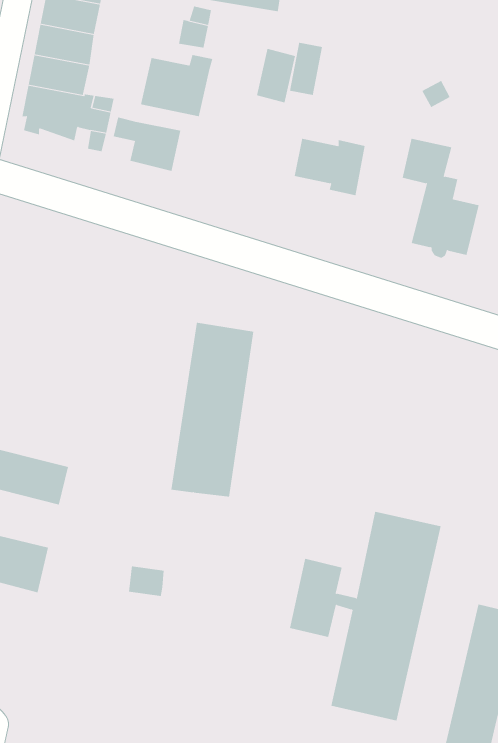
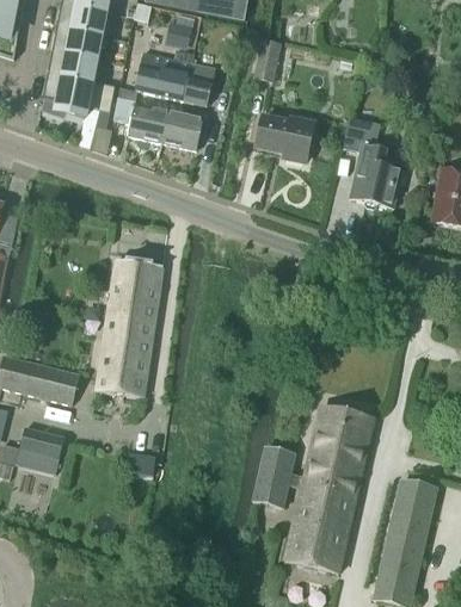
building: [256,48,296,103] -> [183,62,214,105]
building: none -> [161,110,203,149]
building: [170,322,254,497] -> [97,259,162,396]

